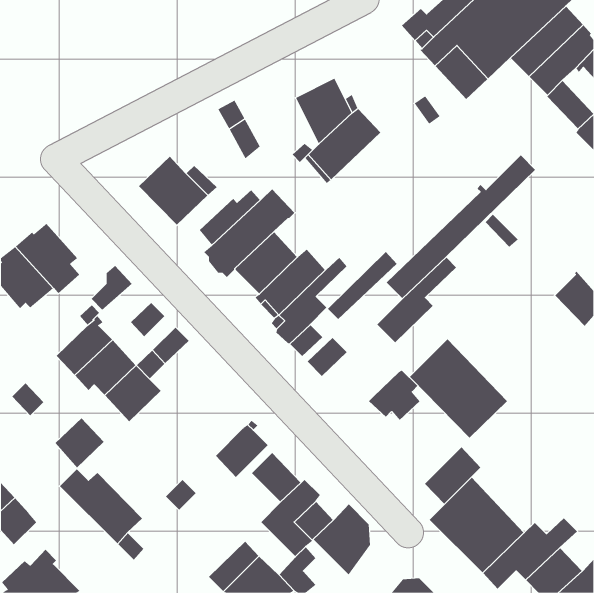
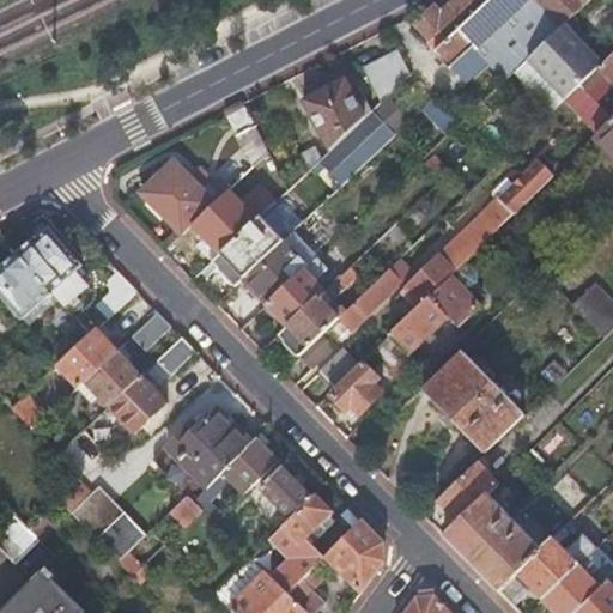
building: none -> [363,50,408,102]
building: [368,370,421,421] -> [327,360,381,413]
building: none -> [164,407,250,486]

